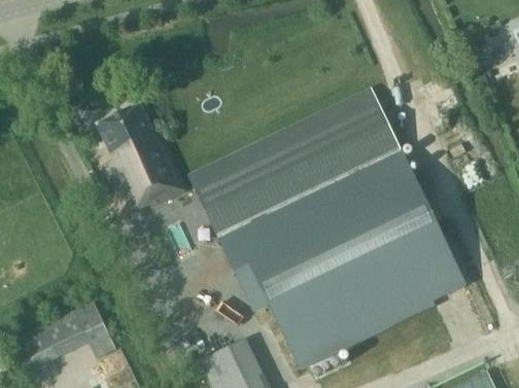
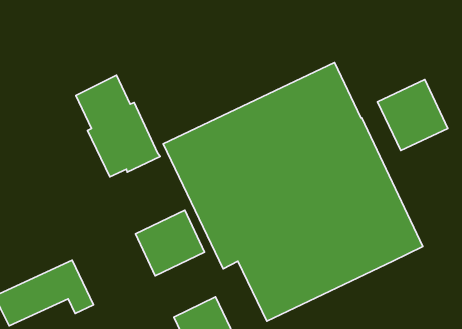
building: none -> [377,80,448,151]
building: none -> [135,210,204,276]

